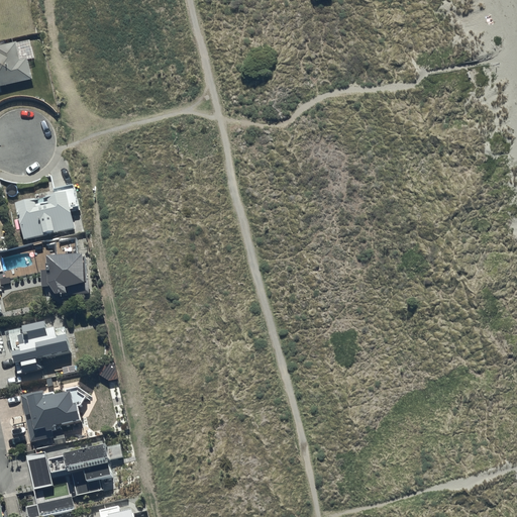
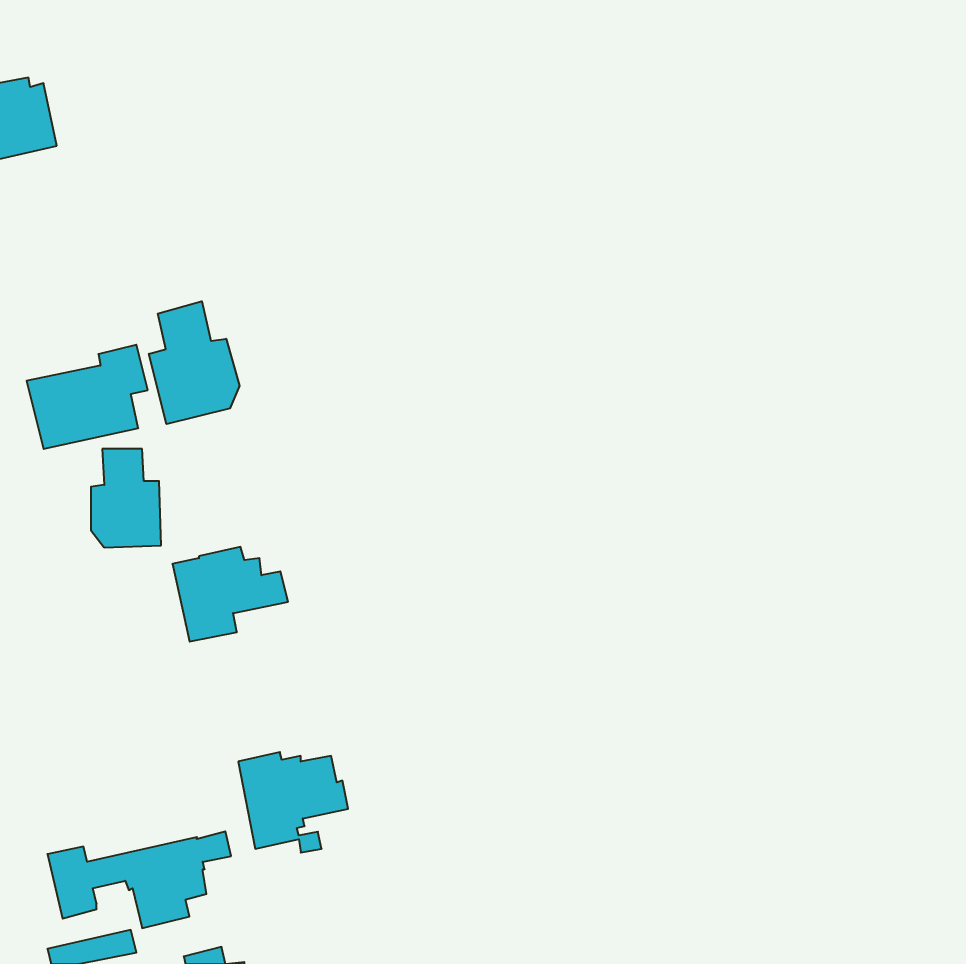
building: none -> [149,301,239,424]
building: [7,322,69,373] -> [172,547,288,642]
building: [20,390,79,443] -> [238,752,348,853]

